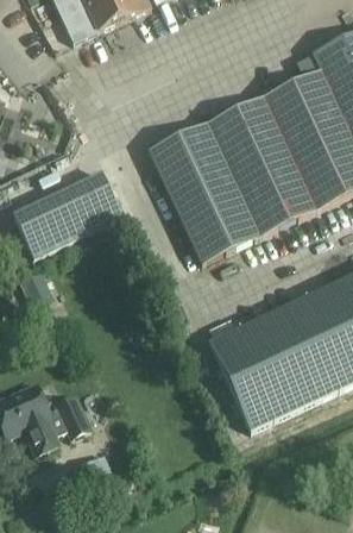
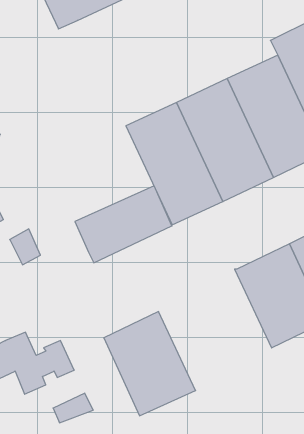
building: [13,171,122,258] -> [75,186,172,263]
building: [209,313,313,431] -> [104,312,196,416]

